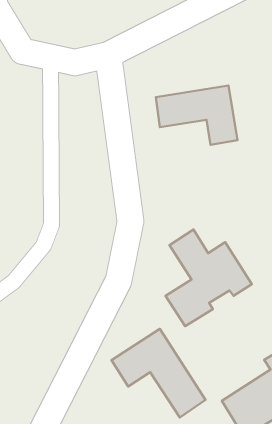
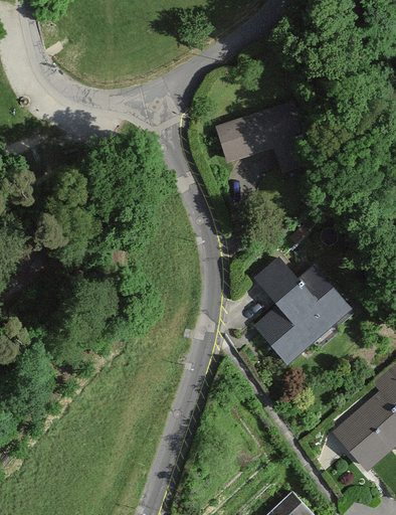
building: [111,329,206,418] -> none

